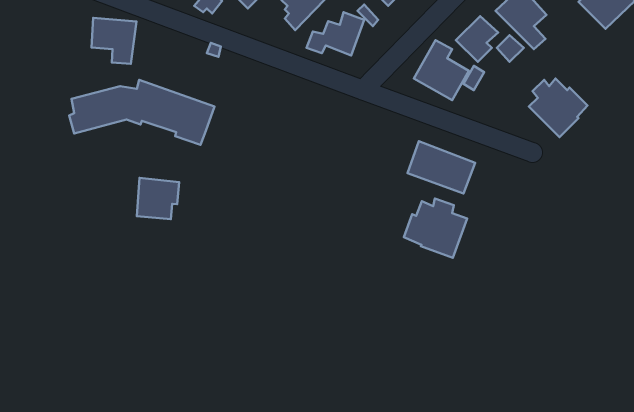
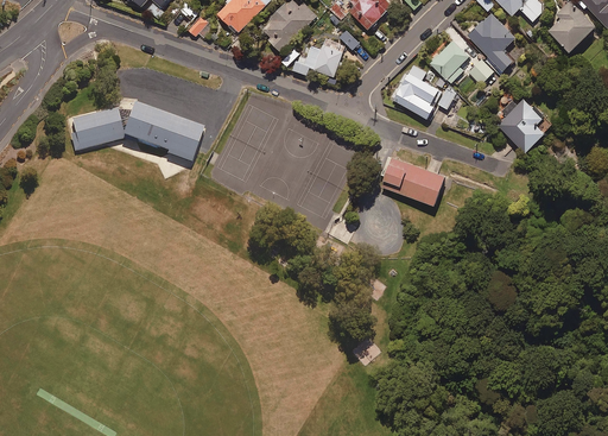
building: [91,18,136,64] -> none
building: [137,178,179,219] -> none
building: [404,198,467,258] -> none

